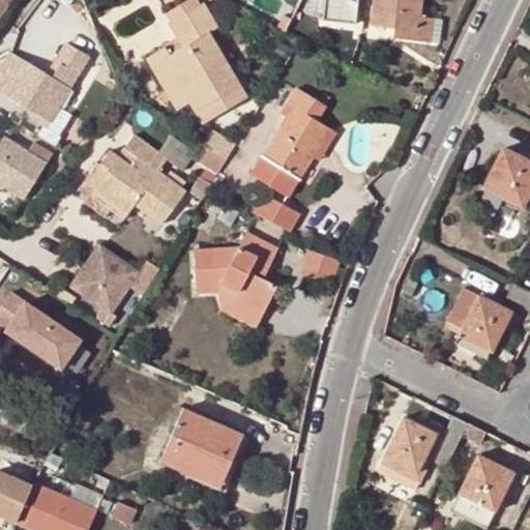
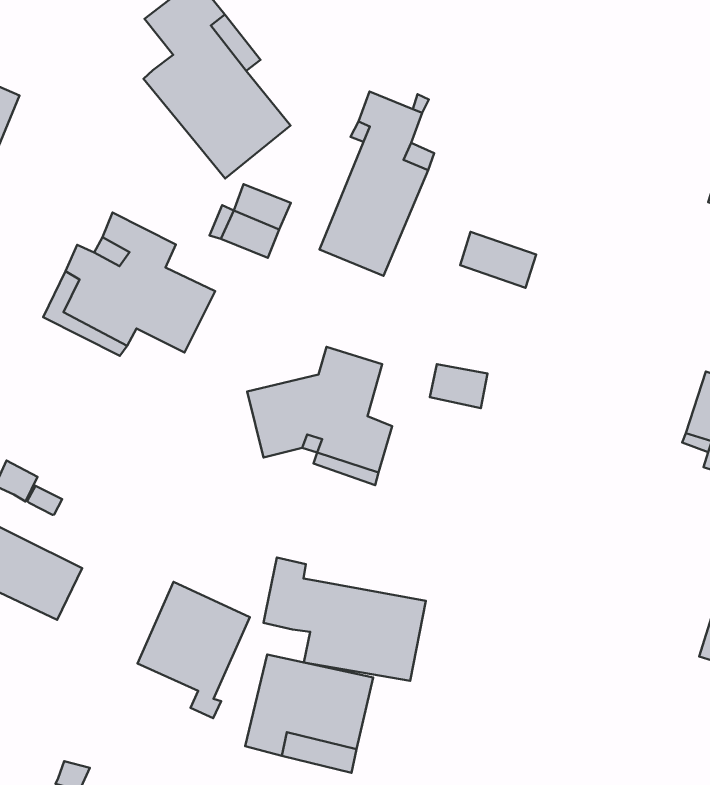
building: [146,48,189,112] -> none
building: [253,196,298,234] -> [460,232,536,288]
building: [71,245,142,329] -> [137,582,250,718]
building: none -> [263,557,426,681]
building: [382,414,436,471] -> none

